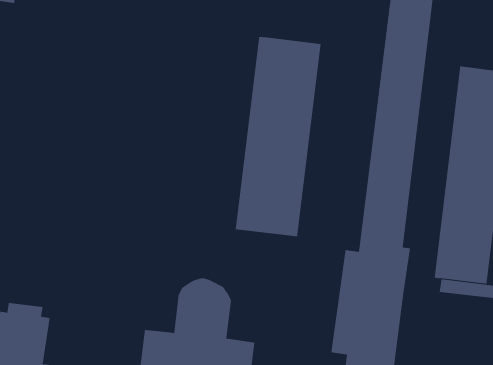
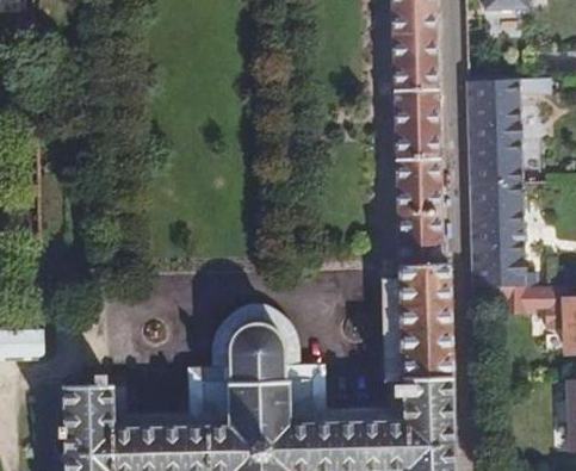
building: [235,36,321,237] -> none

